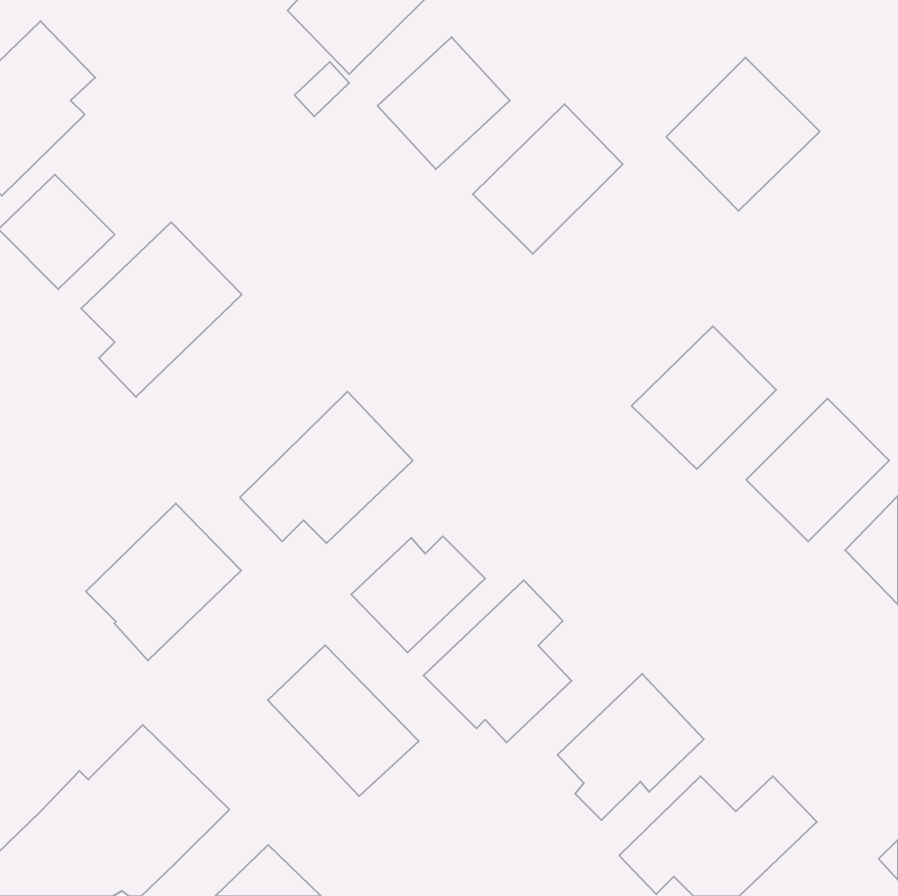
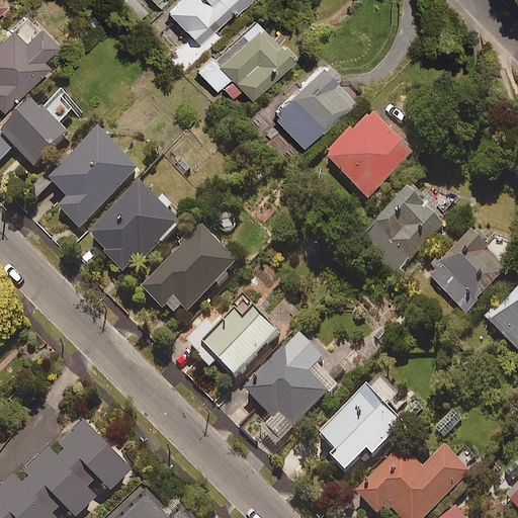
building: [666,57,820,211] -> [325,109,413,197]
building: [86,503,241,660] -> [87,182,176,272]
building: [268,645,419,796] -> none

